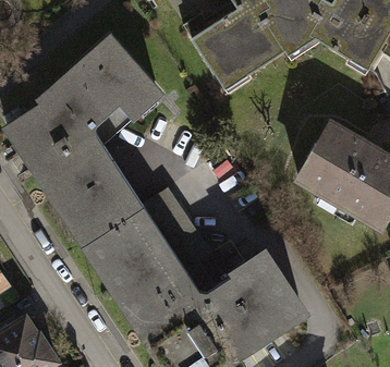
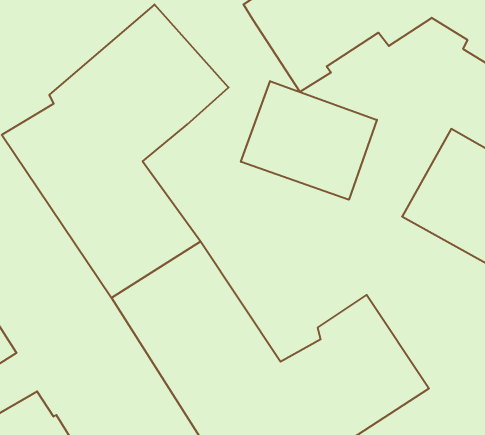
building: none -> [241,81,377,200]

